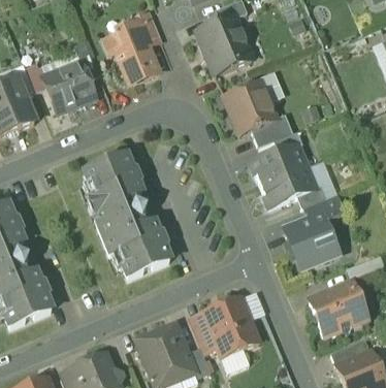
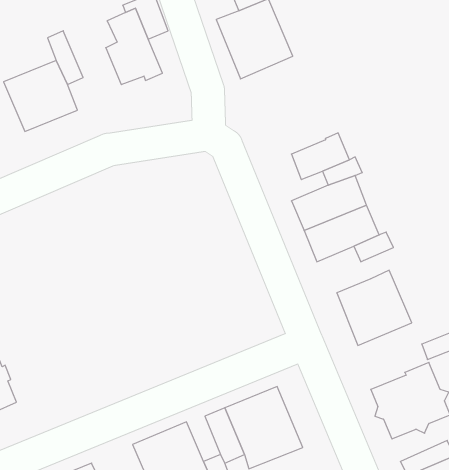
building: [224,79,276,128] -> none
building: [84,153,169,276] -> none
building: [303,191,345,219] -> none

